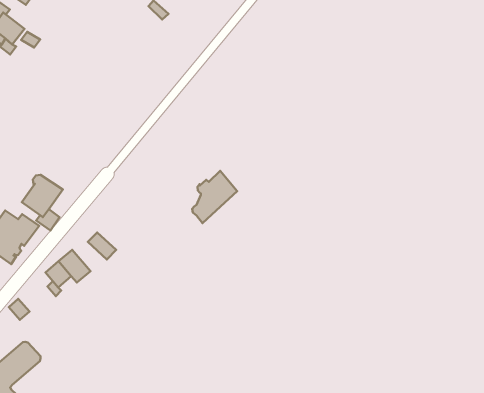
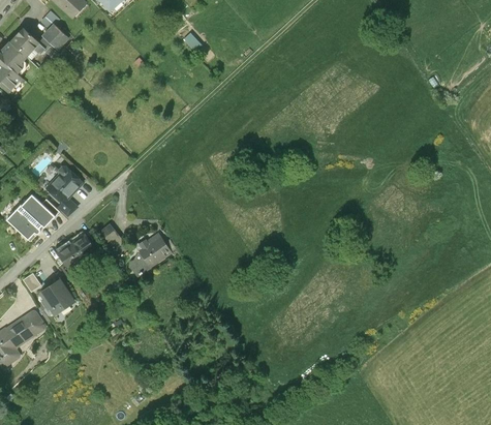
building: [192,171,237,223] -> [128,233,170,276]
building: none -> [40,279,72,311]

